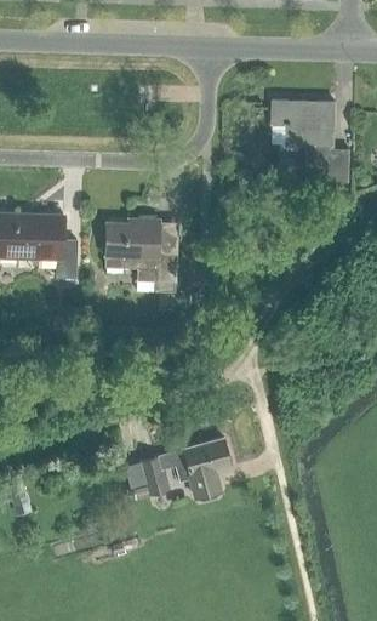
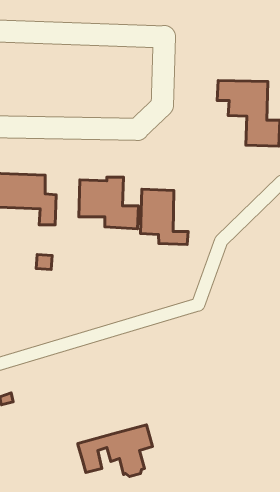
building: none -> [141,189,188,245]
building: [139,438,230,501] -> [78,425,152,476]

